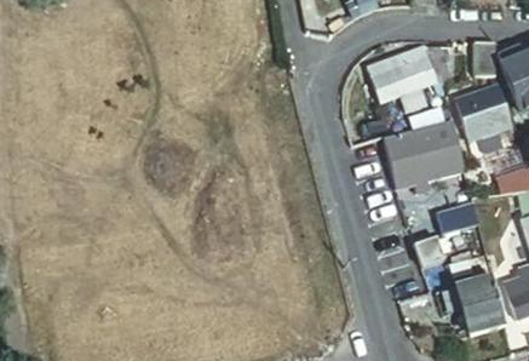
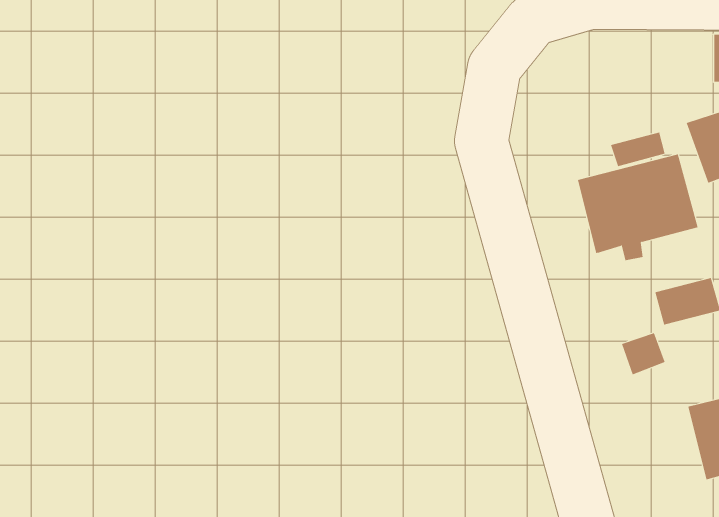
building: [368,46,453,110] -> none

